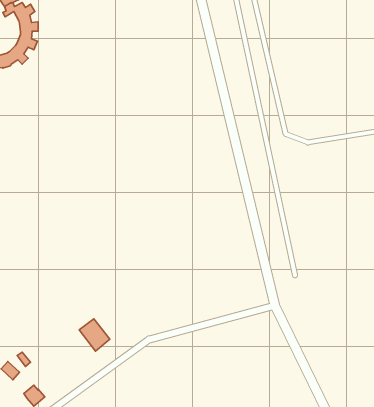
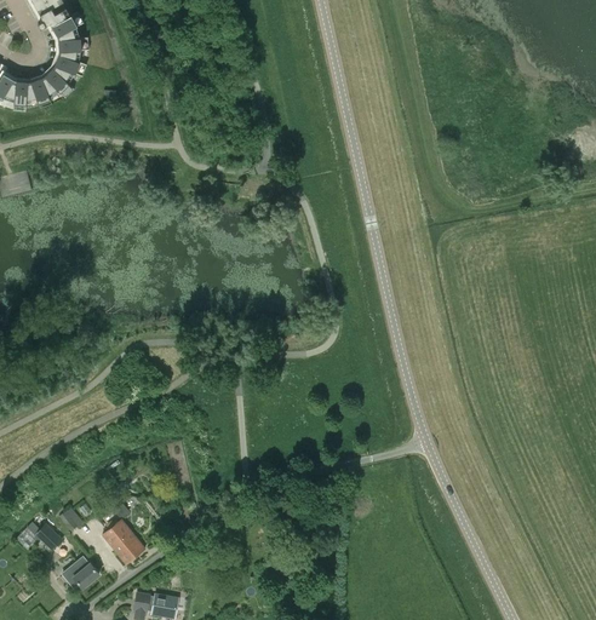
building: [79,319,110,351] -> [99,517,143,563]

